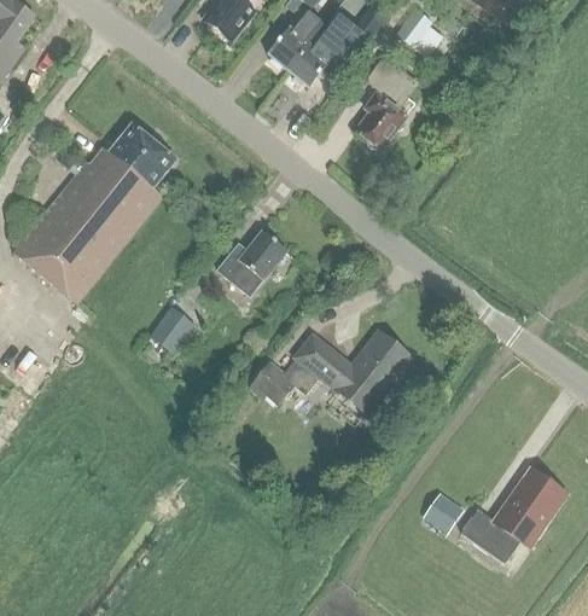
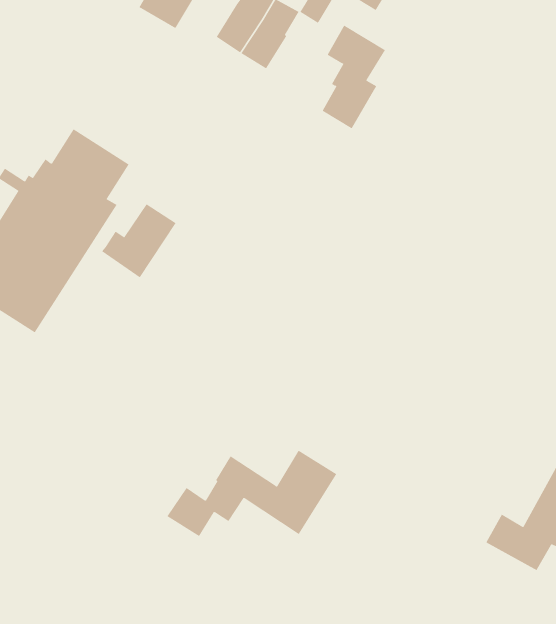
building: [217,228,287,295] -> [101,203,176,278]
building: [150,306,196,353] -> none
building: [250,335,407,412] -> [166,450,337,537]
building: [424,490,464,530] -> none

